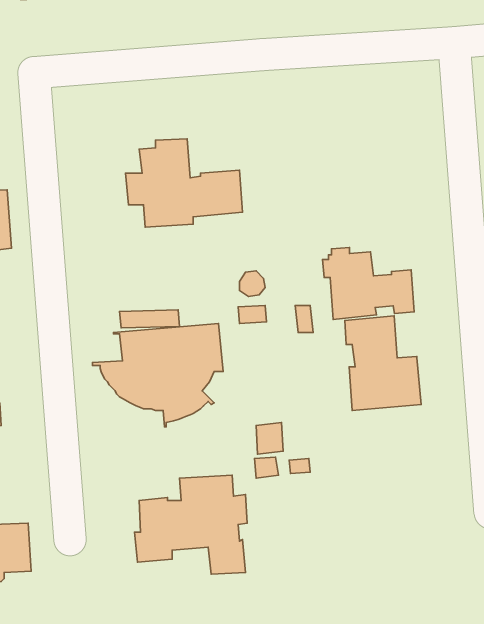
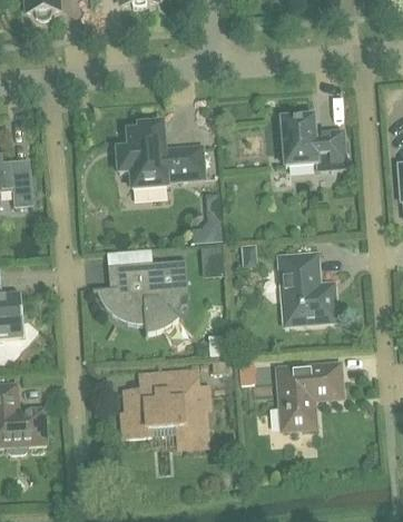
building: [323,247,414,319] -> [277,112,345,166]
building: none -> [277,363,342,430]

